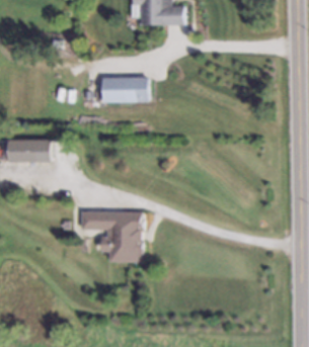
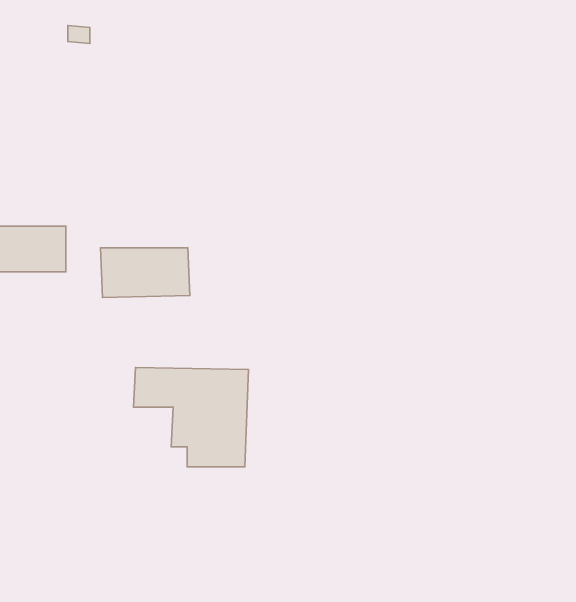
building: [103,77,149,102] -> [101,248,190,297]

